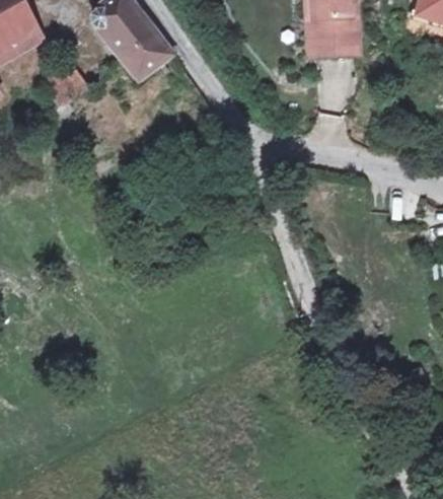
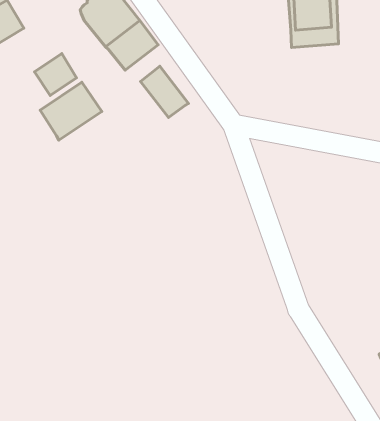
building: none -> [140,66,189,117]
building: none -> [40,82,102,140]

